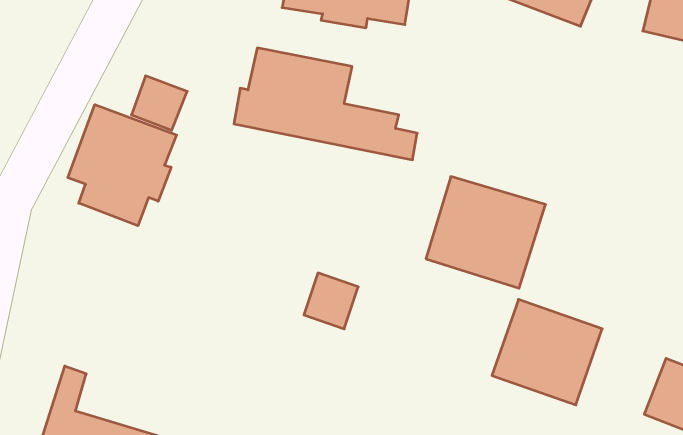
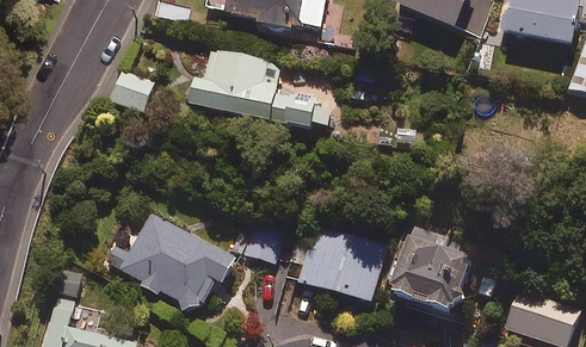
building: [68,105,177,226] -> none
building: [426,177,546,288] -> [297,218,389,304]
building: none -> [105,212,236,315]

